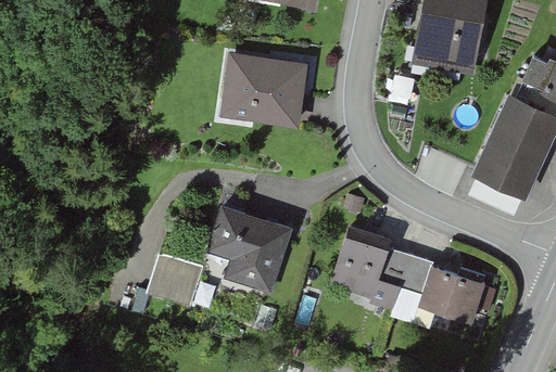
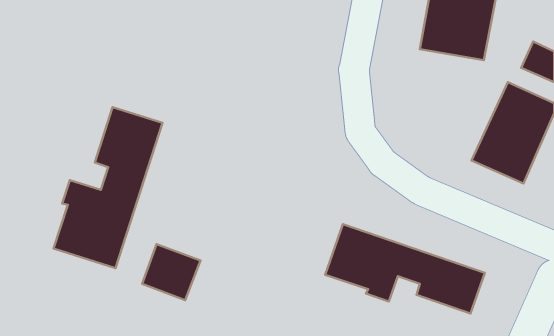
building: [217,52,306,129] -> none
building: none -> [53,107,162,268]
building: [204,205,291,295] -> none

